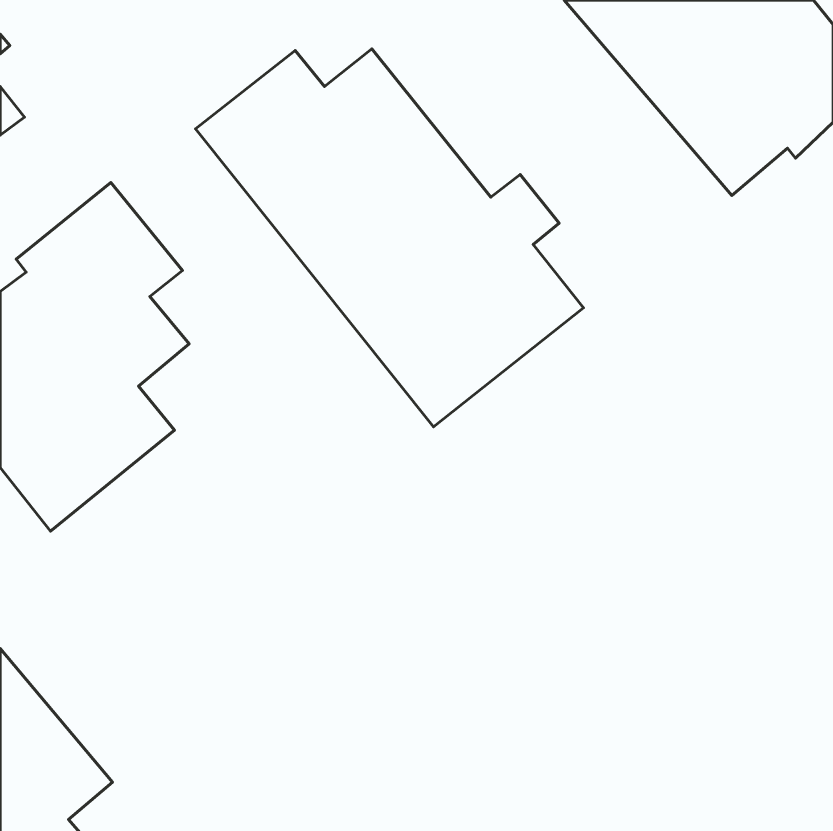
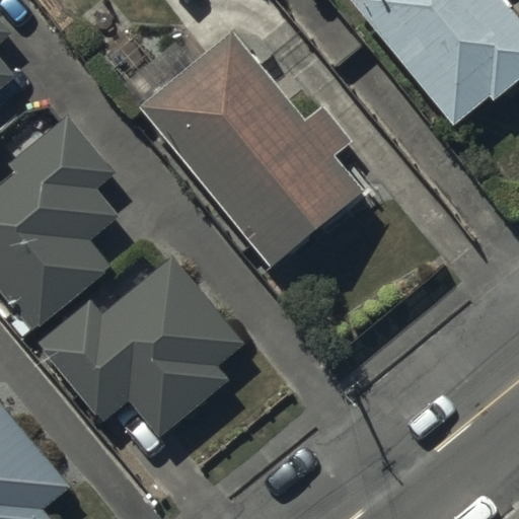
building: none -> [41,255,243,437]

